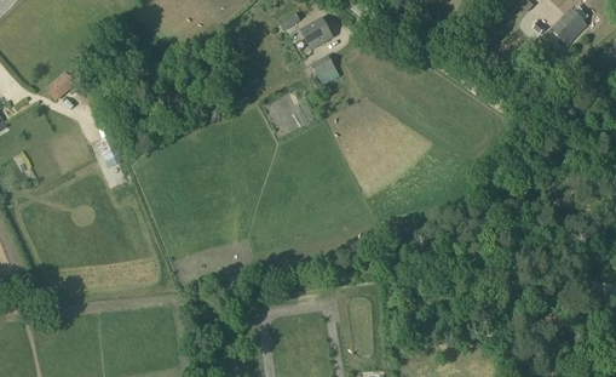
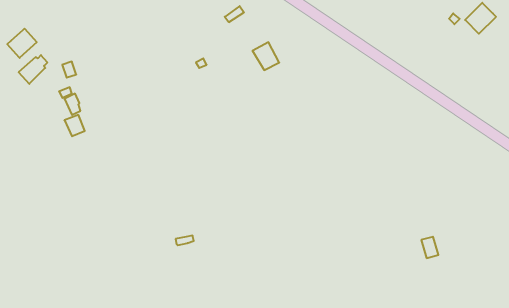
building: [300,16,332,47] -> none
building: none -> [7,29,37,58]

